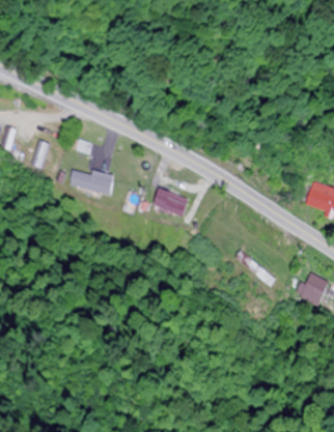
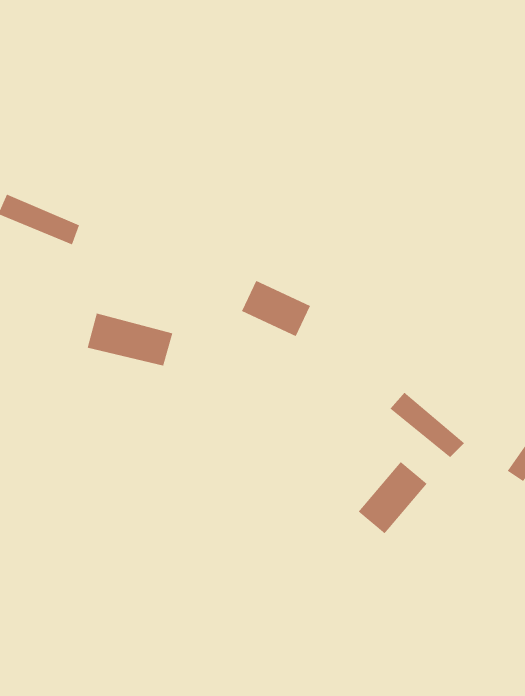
building: [61,166,110,196] -> [87,313,173,366]
building: none -> [358,461,427,534]

